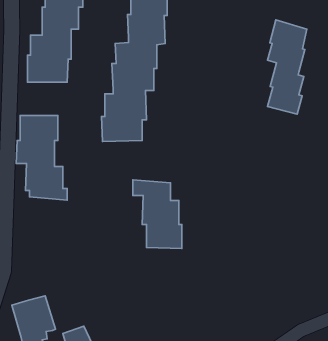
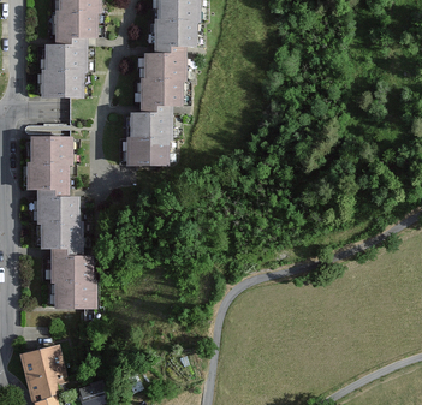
building: [267,20,307,114] -> none
building: [133,180,182,249] -> [40,231,96,310]

